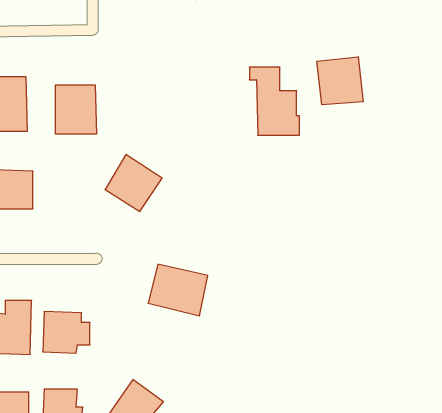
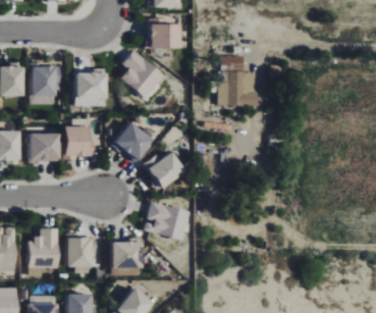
building: none -> [147,18,180,48]
building: [317,57,363,105] -> none
building: none -> [121,50,164,98]
building: none -> [65,125,93,157]
building: none -> [144,152,186,191]
building: none -> [113,242,143,268]

